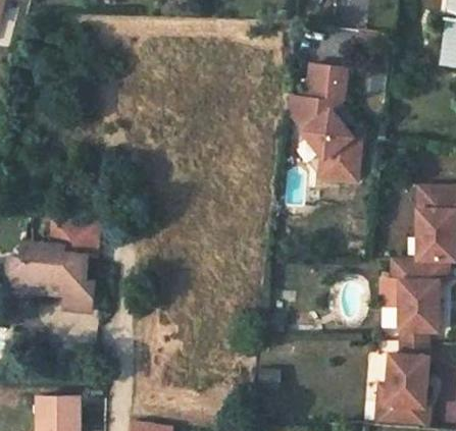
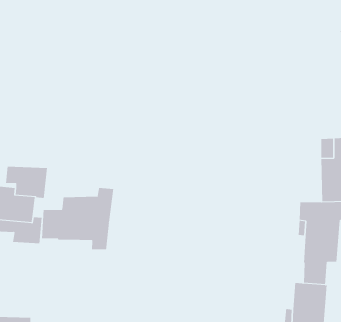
building: [302,66,360,183] -> none
building: none -> [41,187,114,250]

